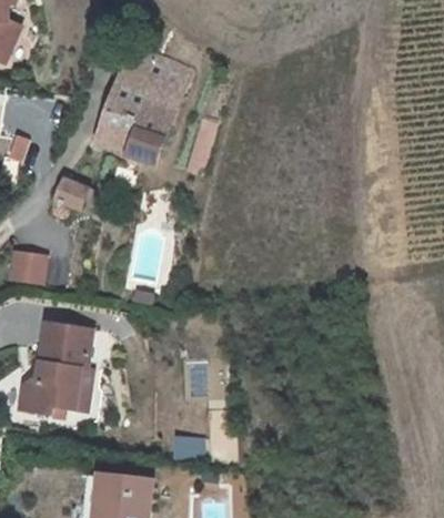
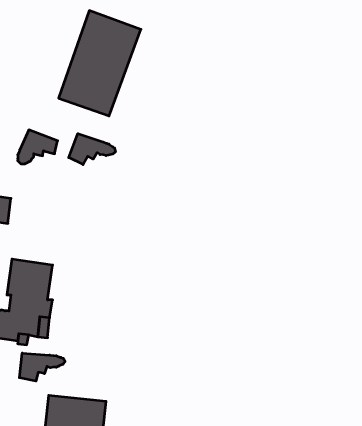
building: none -> [69,134,115,165]
building: none -> [19,353,65,381]

